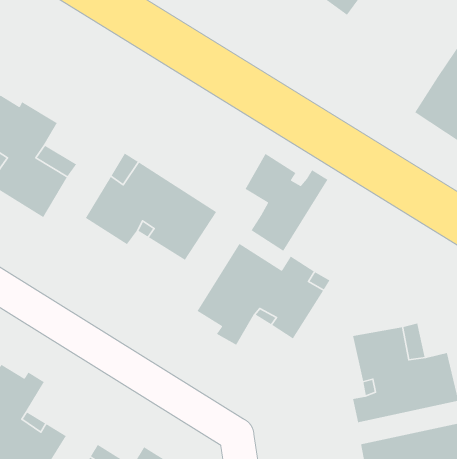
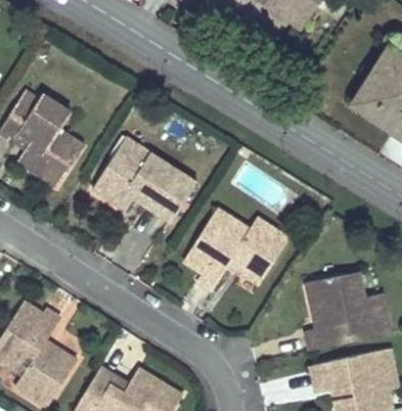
building: [244,153,328,252] -> none

